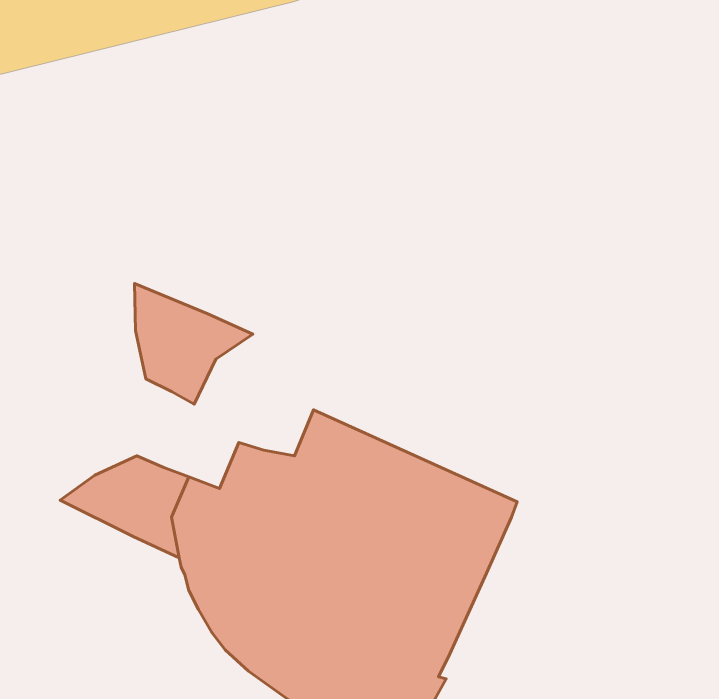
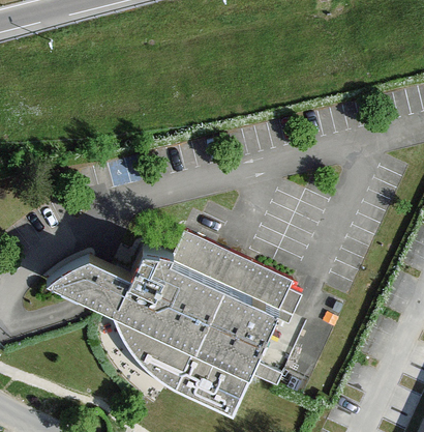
building: [135,283,253,404] -> none

